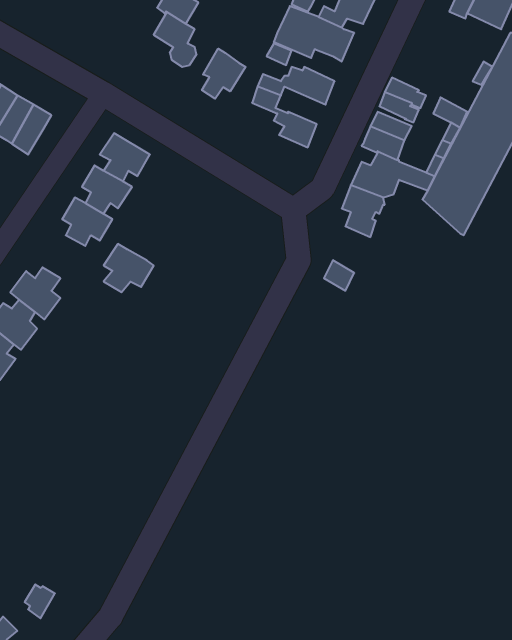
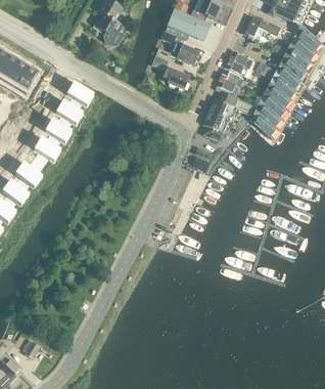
building: none -> [240,12,285,36]
building: [202,49,246,99] -> none
building: [104,244,154,292] -> [33,135,61,163]

